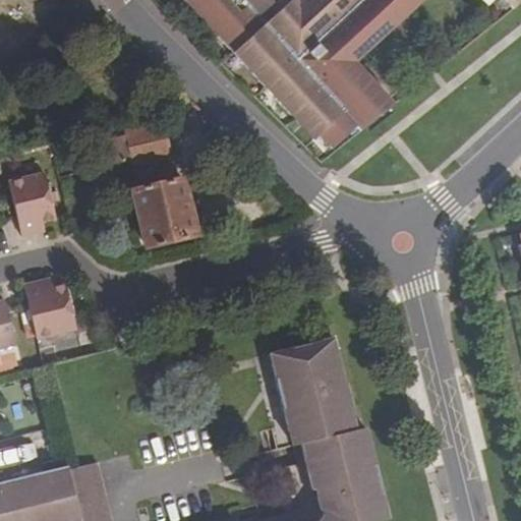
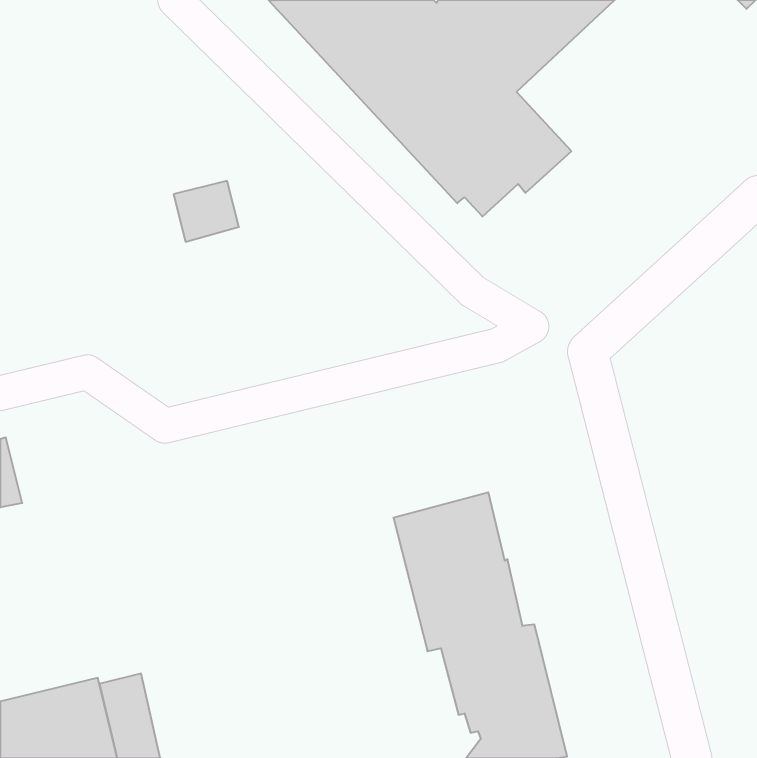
building: [8,173,56,236] -> none
building: [134,178,199,248] -> none
building: [23,279,76,338] -> none

